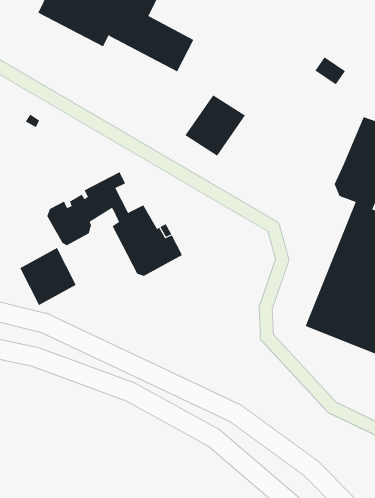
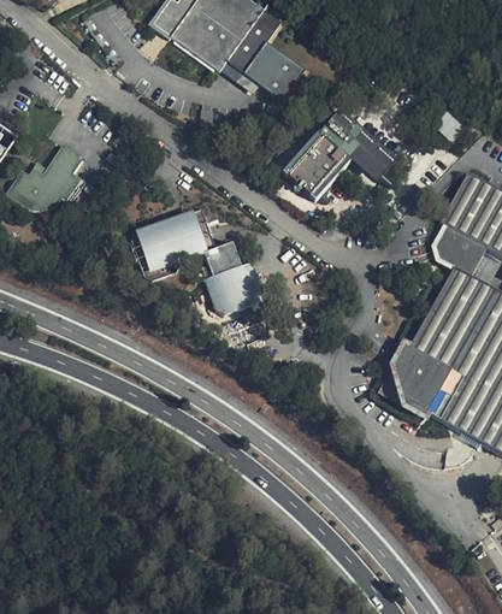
building: none -> [323,108,397,175]
building: [19,247,77,306] -> none

